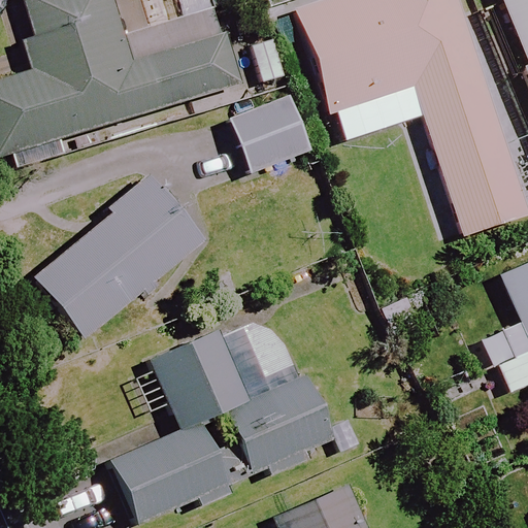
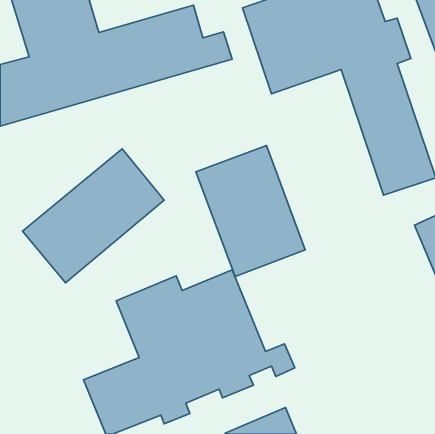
building: [228,89,318,176] -> none
building: none -> [196,145,305,277]

